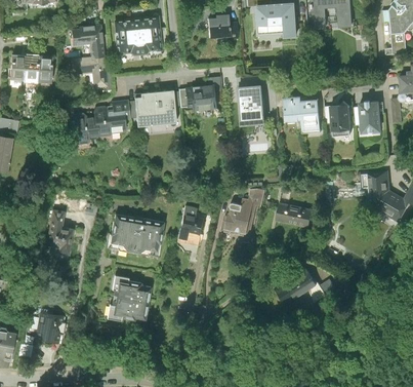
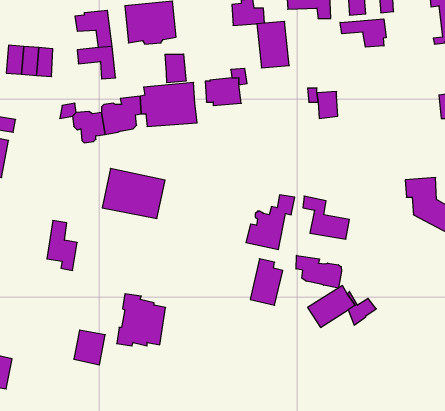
building: none -> [340,19,386,47]
building: none -> [165,54,186,83]
building: [237,85,265,126] -> [257,21,289,68]
building: [301,101,321,131] -> none
building: [331,101,350,136] -> none
building: [360,102,380,131] -> none
building: [177,206,206,247] -> [250,259,283,305]
building: [109,214,164,258] -> [102,168,165,218]
building: none -> [296,255,341,288]
building: [36,314,64,345] -> [74,330,105,365]

